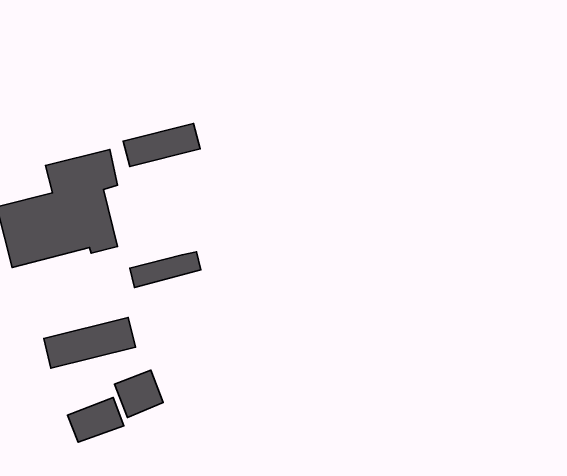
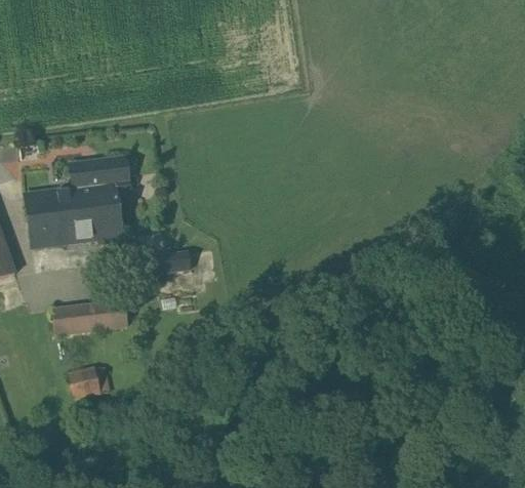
building: [123,124,200,166] -> none
building: [114,370,163,418] -> none

